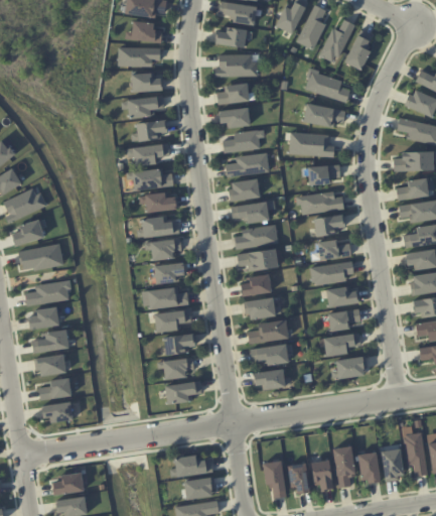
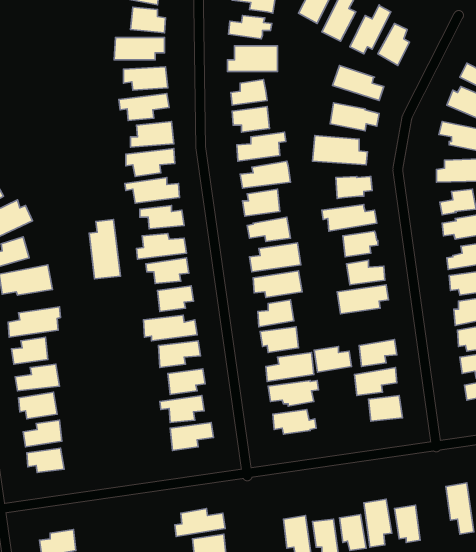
building: none -> [89,220,120,279]
building: [326,285,358,307] -> [314,347,351,372]
building: [382,447,405,481] -> none

